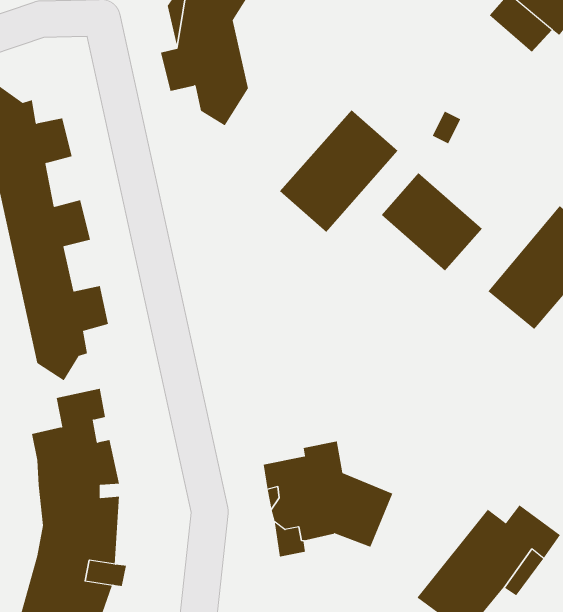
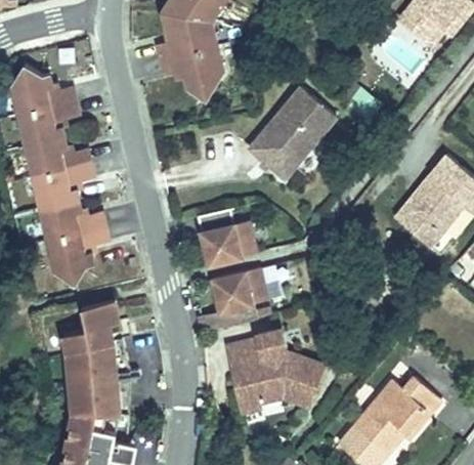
building: [381,172,483,272] -> none
building: none -> [203,211,261,264]
building: none -> [217,269,271,328]

